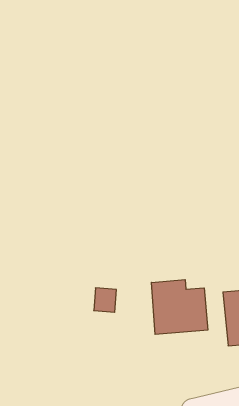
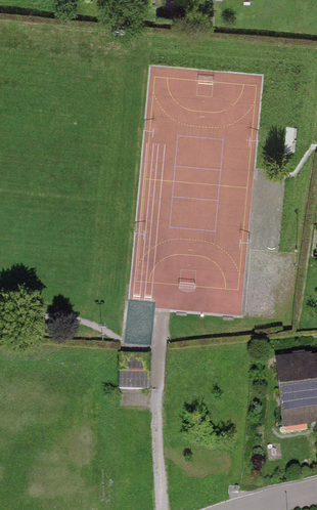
building: [151,280,208,334] -> none

